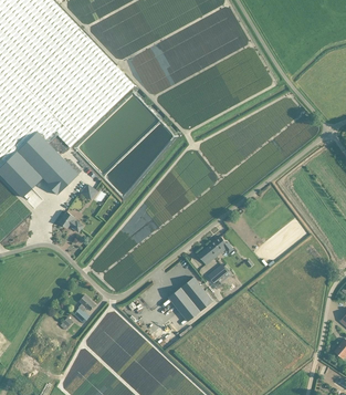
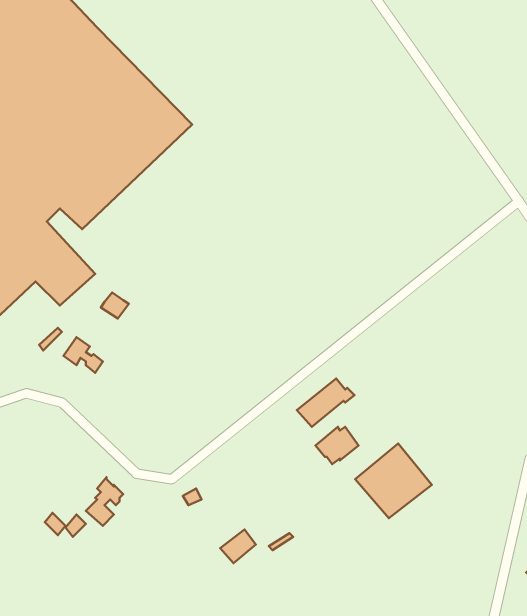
building: [166,276,211,320] -> [355,444,432,518]

